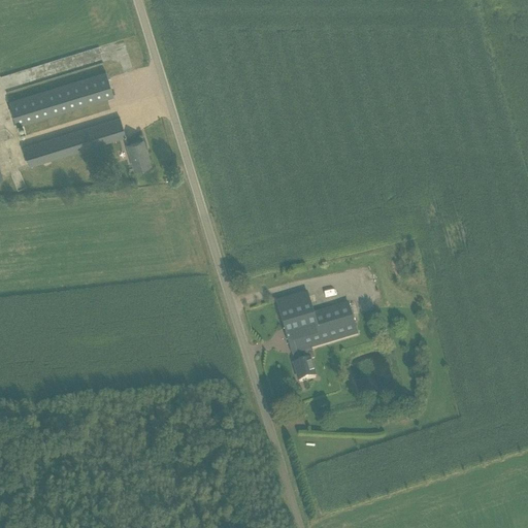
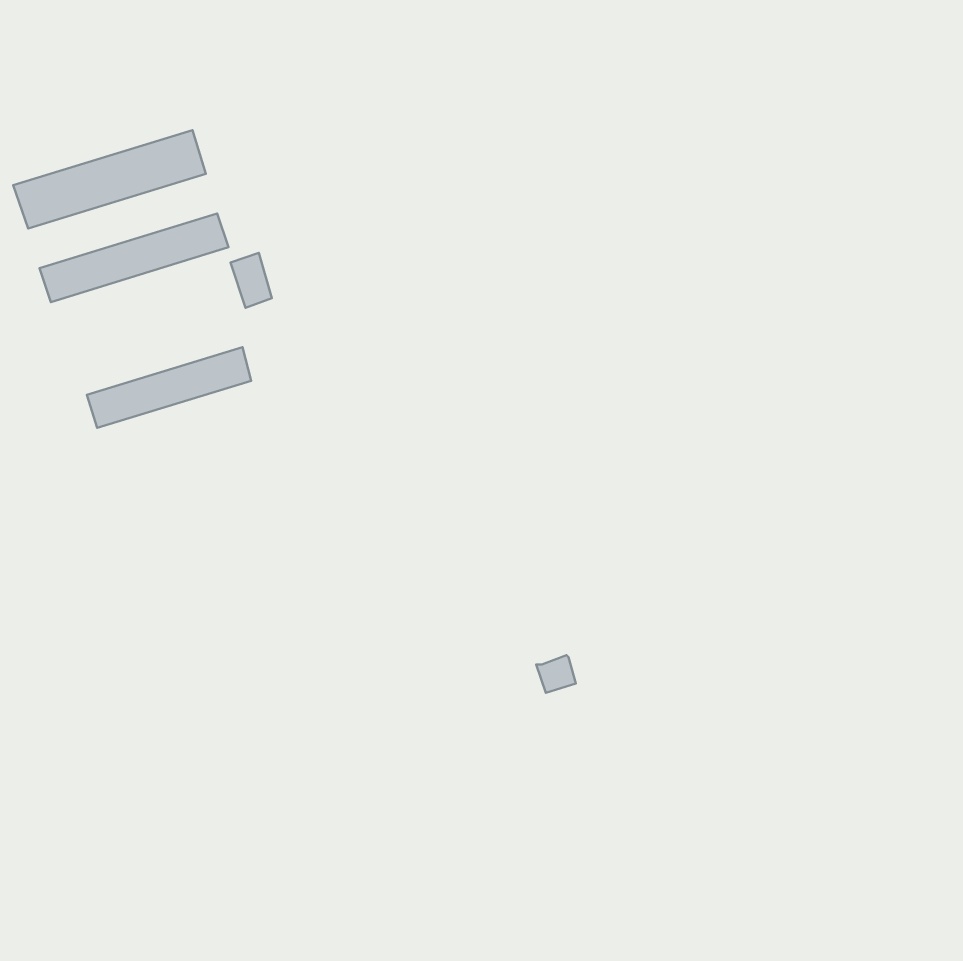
building: none -> [87,347,251,428]
building: [275,291,358,353] -> none

